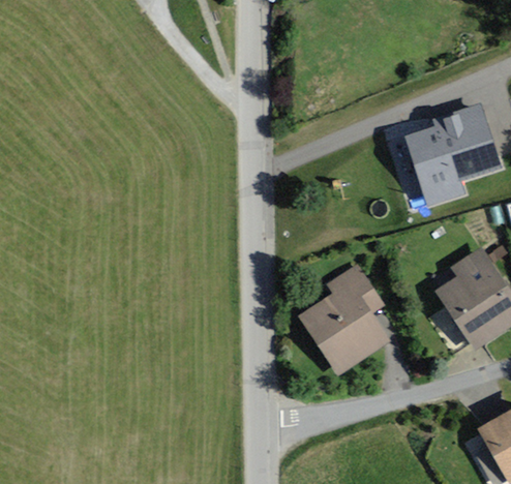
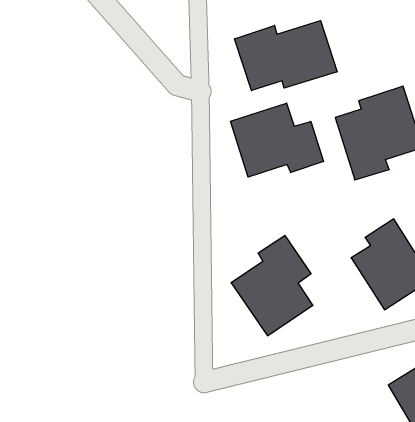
building: none -> [235,21,337,91]
building: none -> [230,103,324,177]

